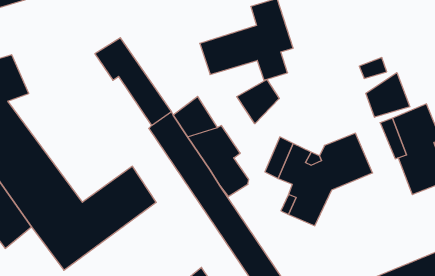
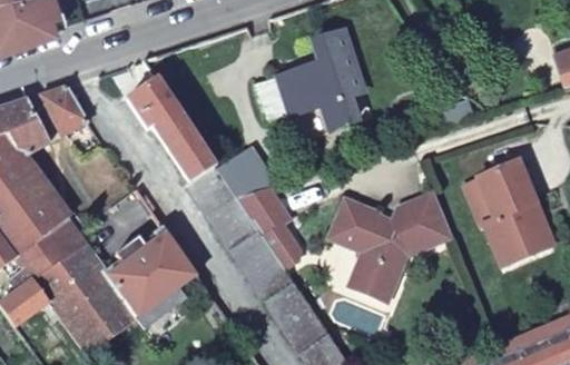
building: none -> [46,85,95,135]
building: [366,73,410,117] -> none
building: [237,79,279,124] -> none

